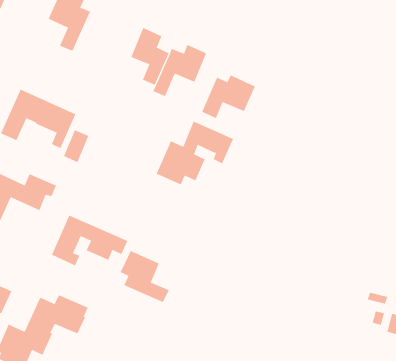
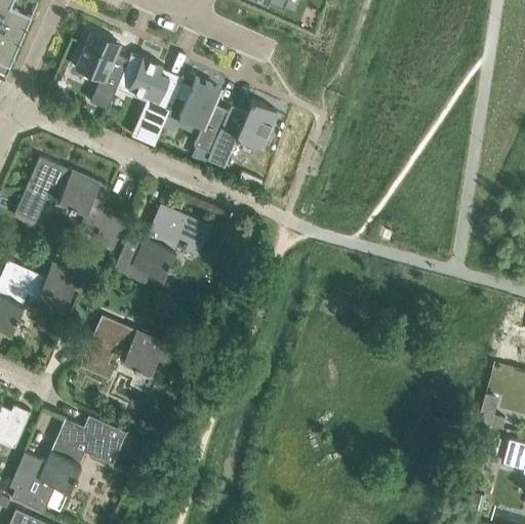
building: none -> [116,55,181,146]
building: [202,74,256,119] -> none
building: [156,121,234,185] -> [113,204,211,285]
building: [120,250,169,303] -> none

